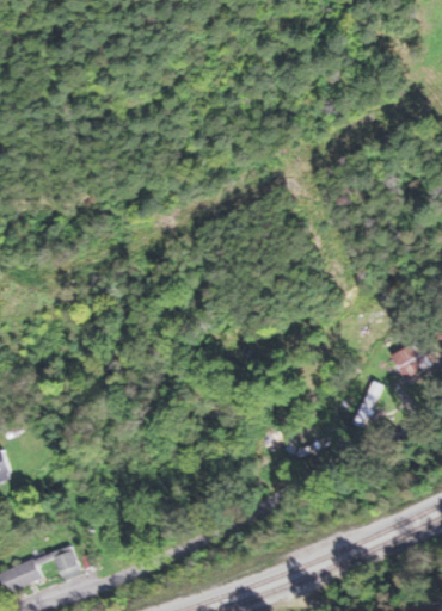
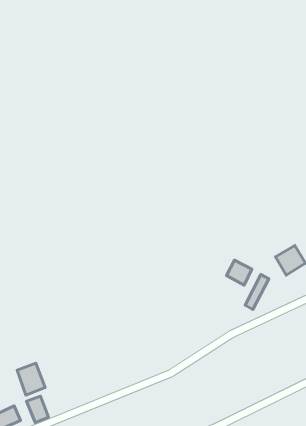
building: none -> [227,260,252,285]
building: none -> [17,363,45,395]

